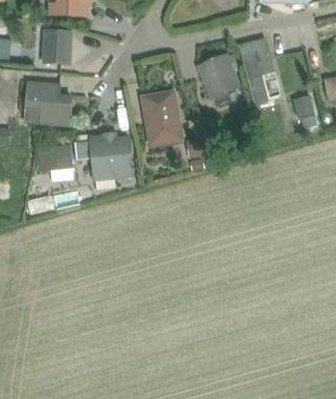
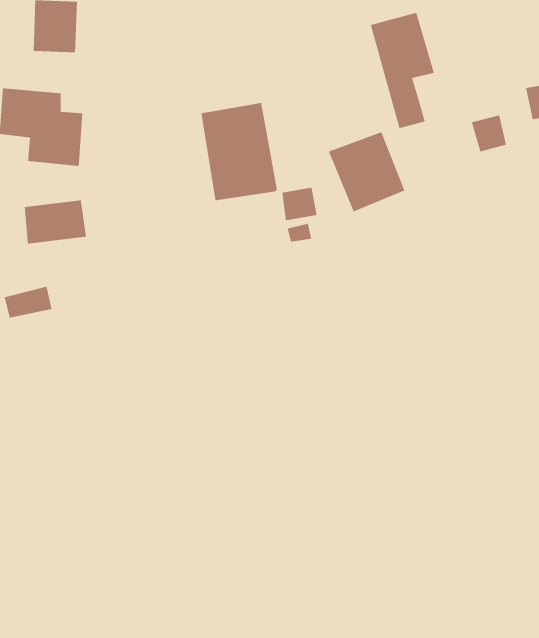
building: [196,53,241,99] -> [328,131,405,212]
building: [76,132,134,181] -> none

